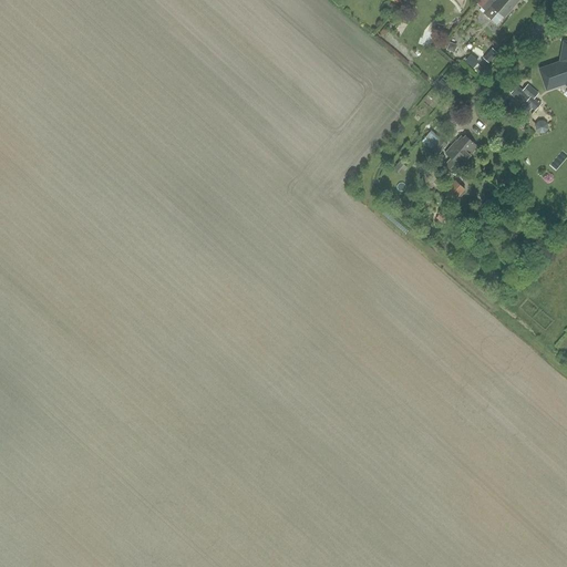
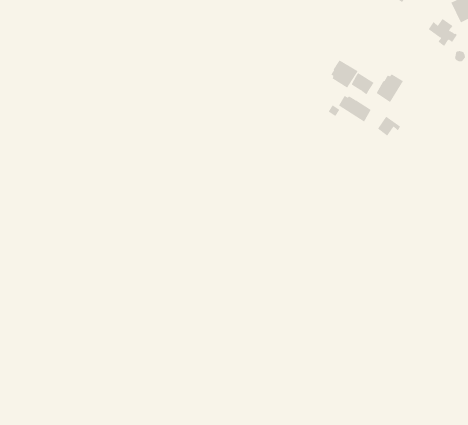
building: none -> [331,60,358,88]
building: none -> [338,95,372,123]

